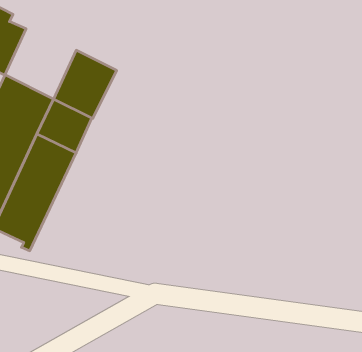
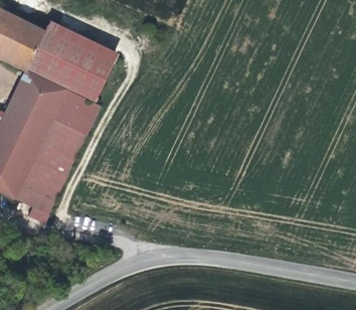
building: none -> [25,27,84,89]

